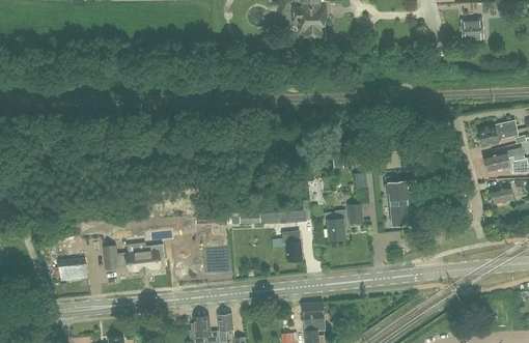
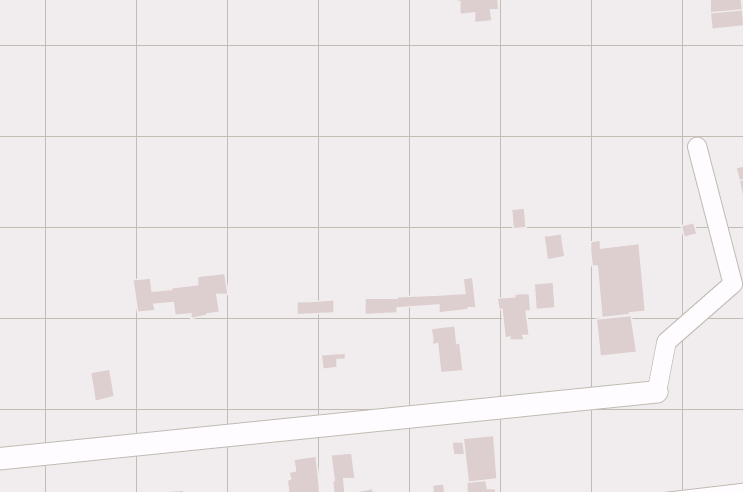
building: none -> [596,315,637,356]
building: [103,244,164,273] -> [133,273,228,319]

